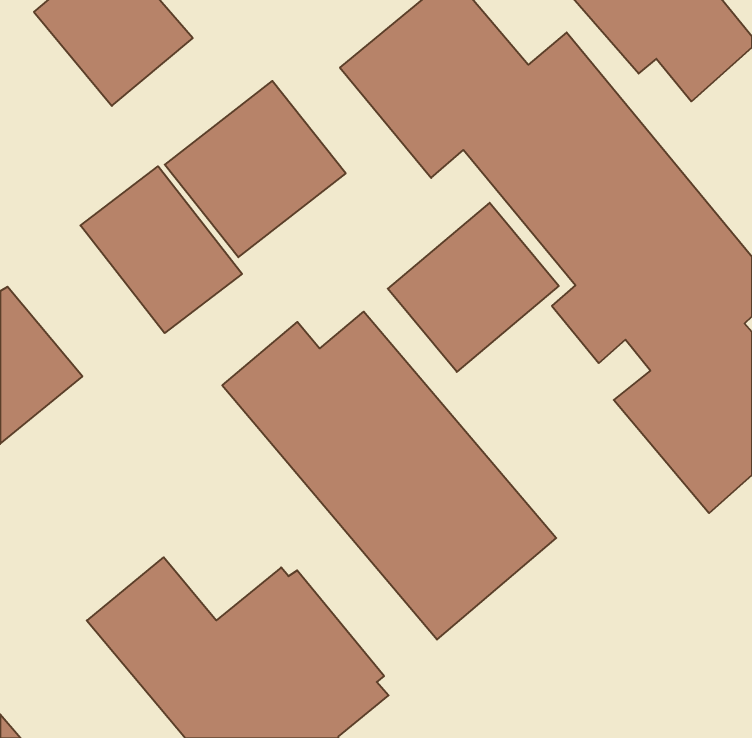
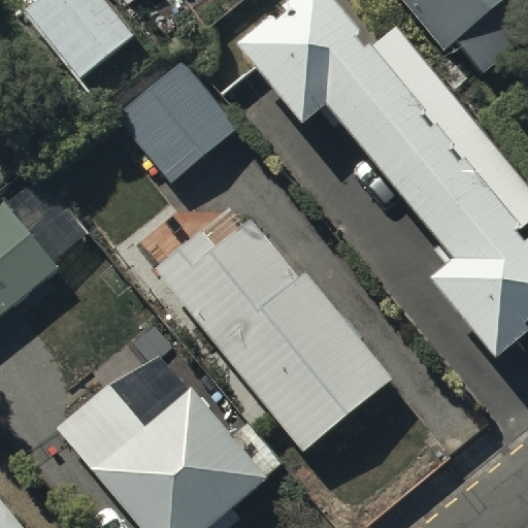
building: [80,166,242,333] -> none
building: [388,203,559,372] -> none

